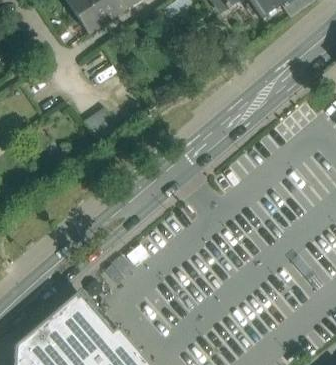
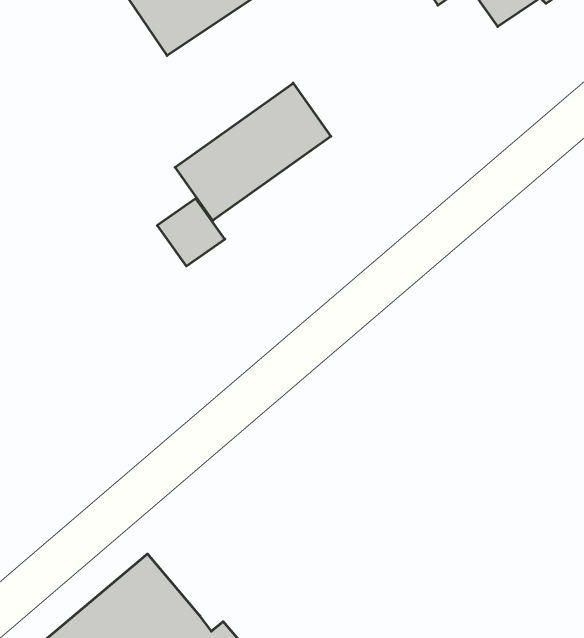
building: none -> [175,83,331,221]

